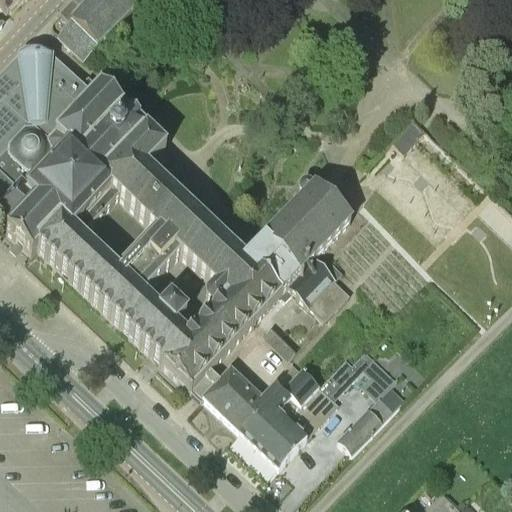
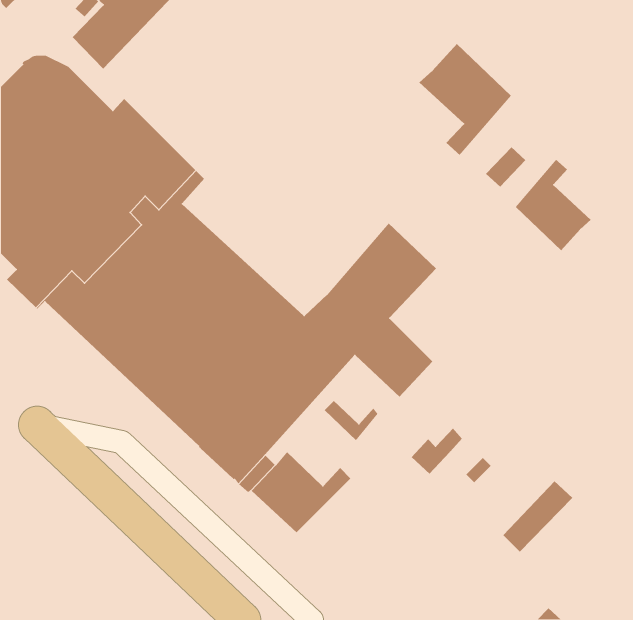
building: none -> [418,43,512,156]
building: none -> [515,159,592,251]
building: [240,366,338,465] -> none
building: [337,393,394,451] -> [502,480,573,553]

